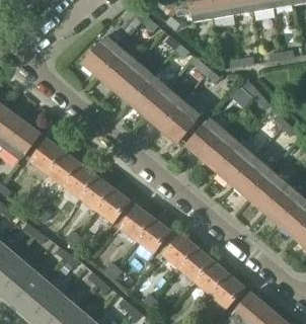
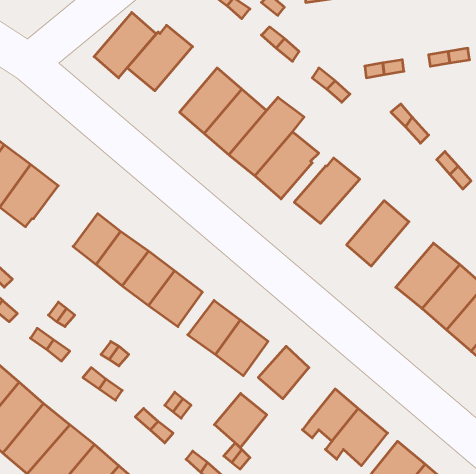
building: [98,48,137,88] -> [94,12,156,78]
building: [201,130,240,170] -> none
building: [29,138,63,171] -> none
building: [232,156,271,196] -> none
building: [177,246,210,279] -> [214,393,267,448]

